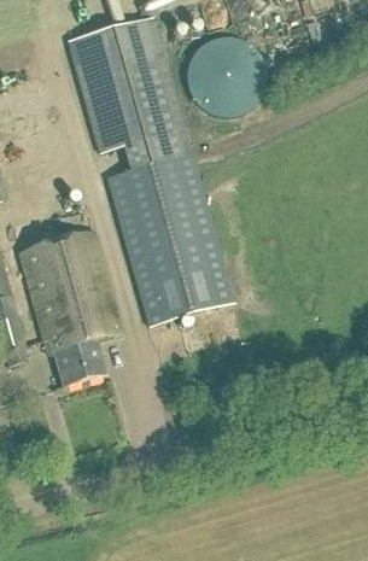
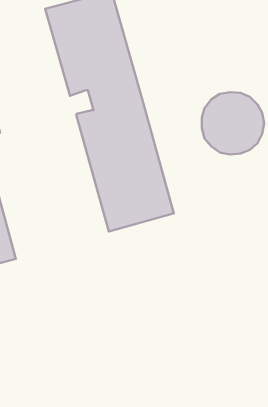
building: [188,35,268,115] -> [202,92,264,155]
building: [19,229,121,385] -> none

